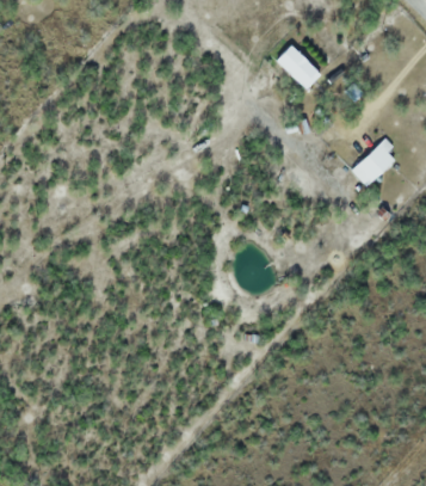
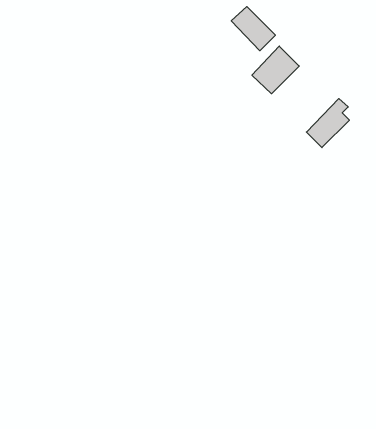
building: none -> [252,46,299,94]

